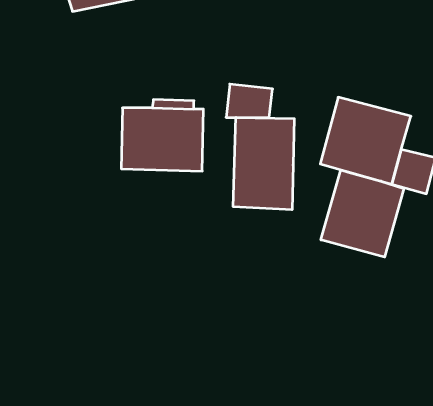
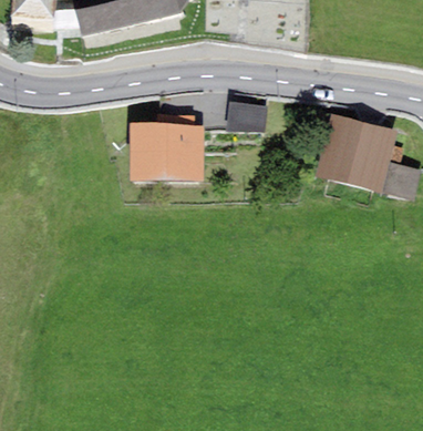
building: [233,117,294,210] -> none
building: [321,170,404,257] -> none

